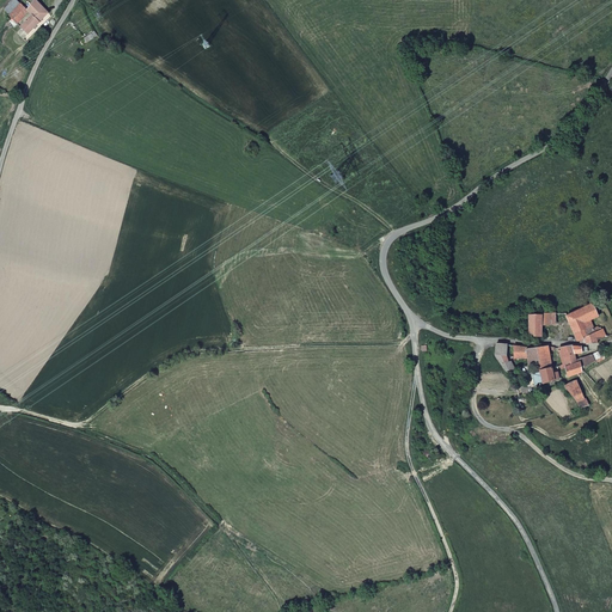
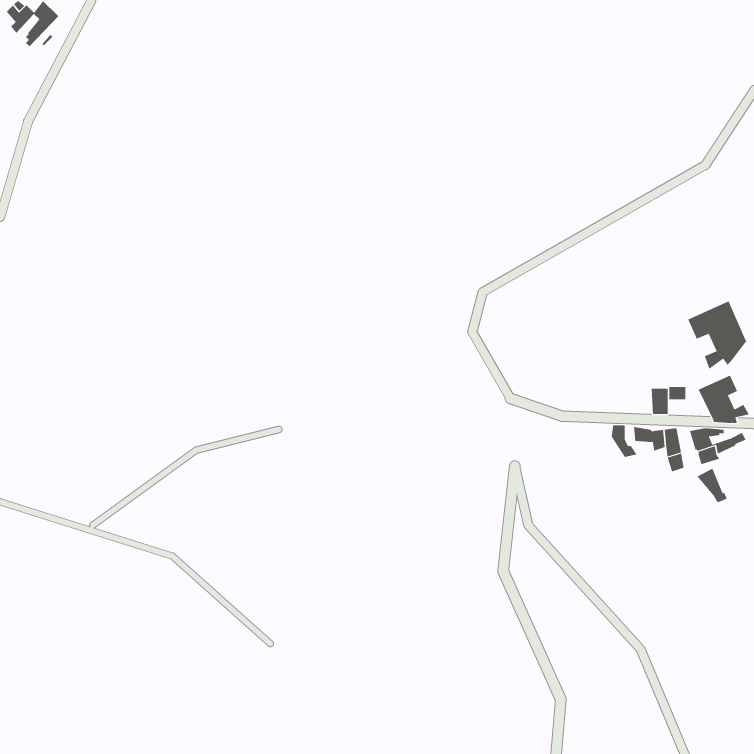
building: none -> [687,300,747,370]

